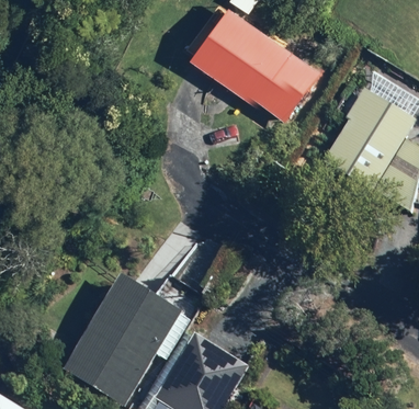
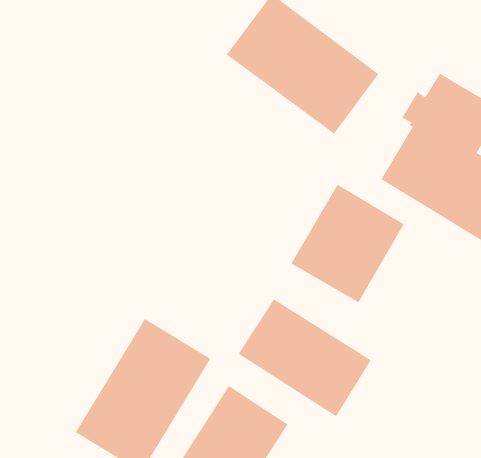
building: none -> [290,184,404,303]
building: none -> [238,298,371,417]

